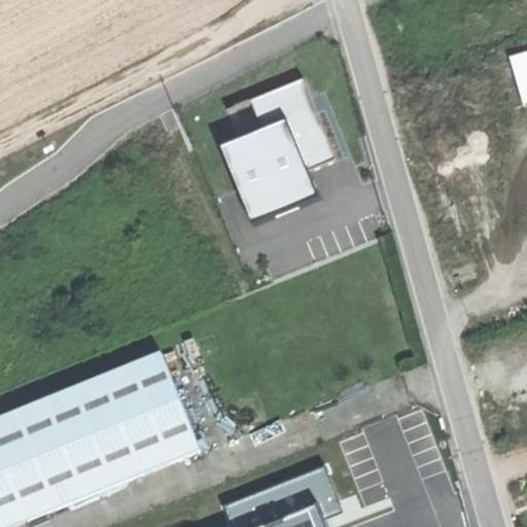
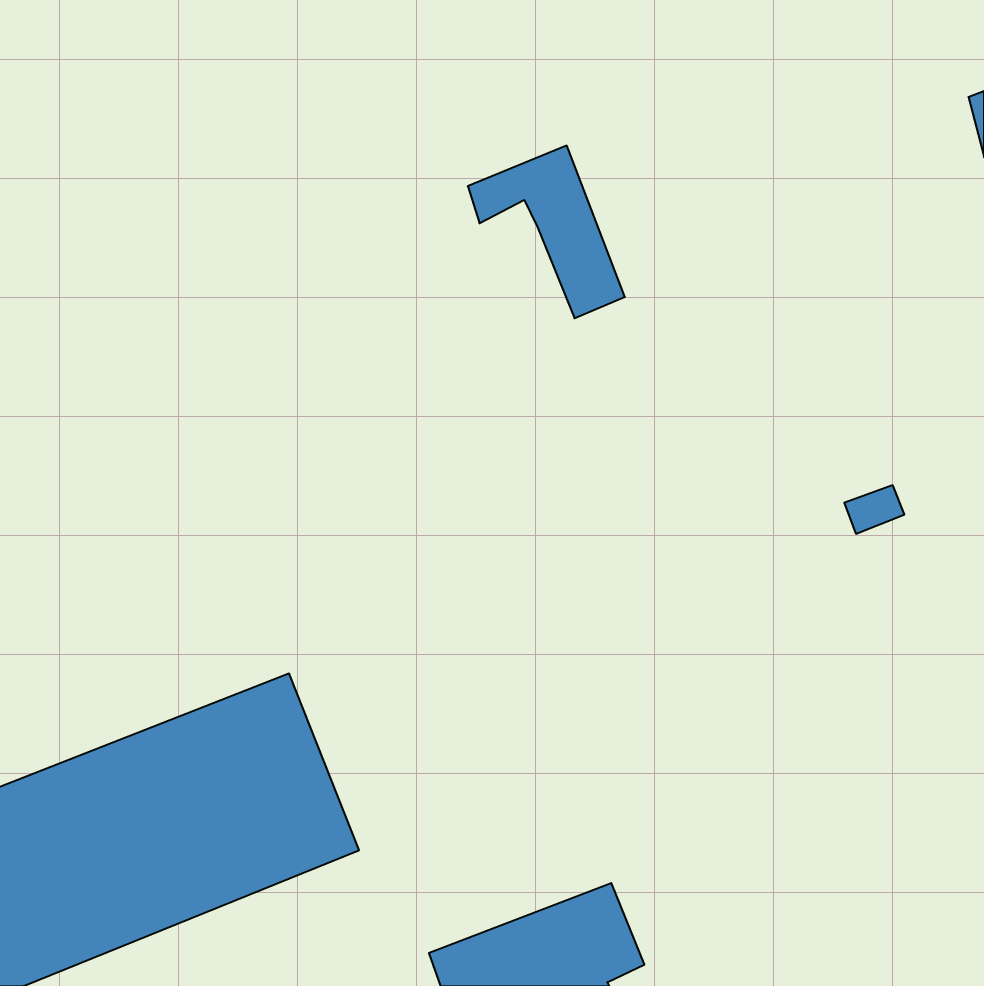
building: [220,120,316,221] -> none

